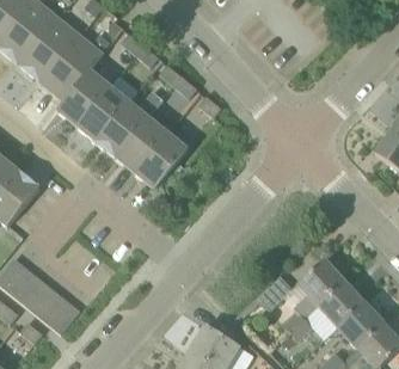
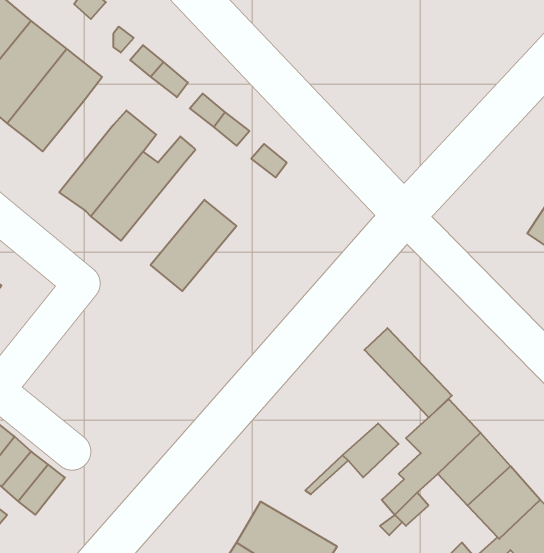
building: [56,68,110,127] -> none
building: [115,106,174,173] -> none
building: none -> [364,328,452,417]

